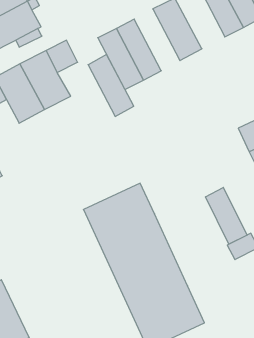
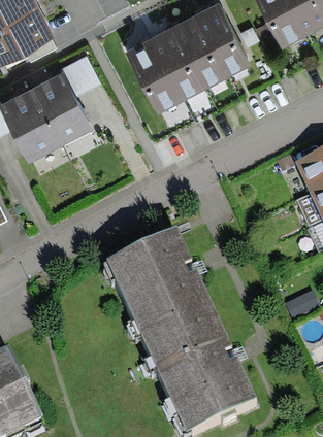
building: [88,55,134,116] -> [168,16,224,92]
building: [206,187,247,244] -> none

